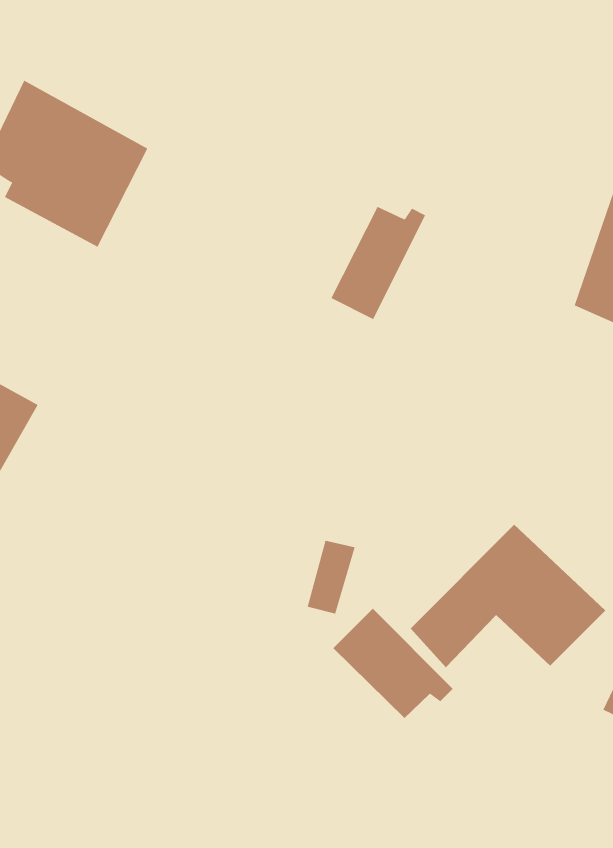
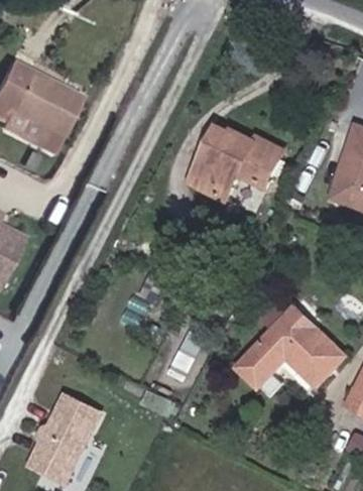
building: none -> [214,135,280,202]
building: [332,608,454,719] -> none
building: none -> [39,398,103,480]

